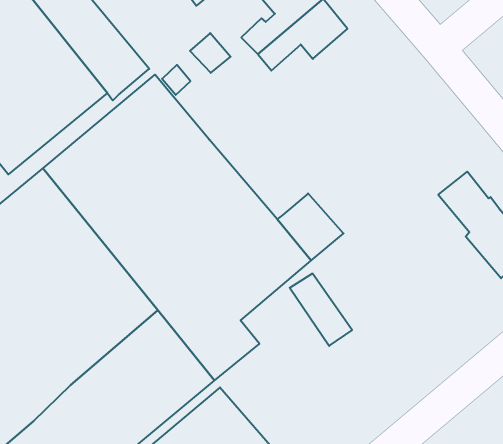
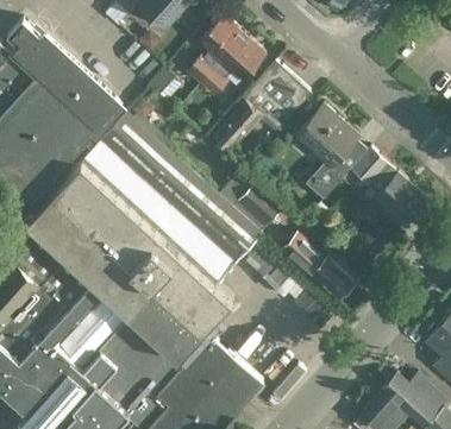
building: none -> [212,62,311,153]
building: none -> [295,106,363,201]
building: none -> [283,234,357,298]

